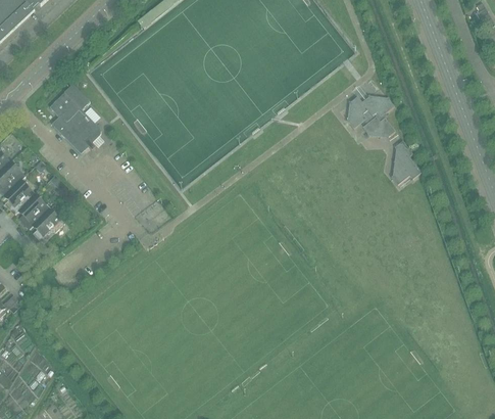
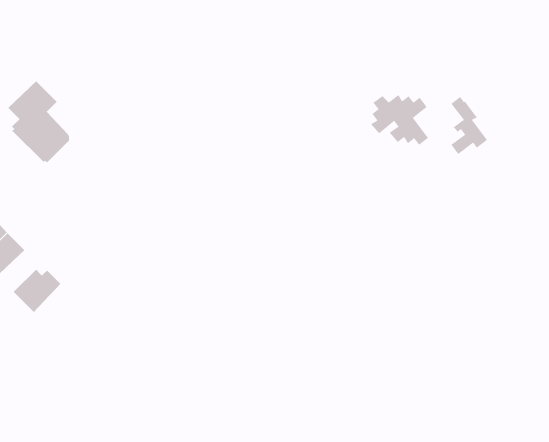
building: [389,135,419,183] -> [450,96,488,155]
building: none -> [13,269,61,313]

